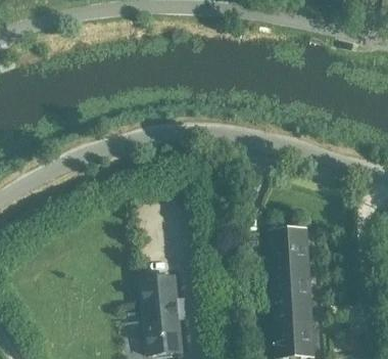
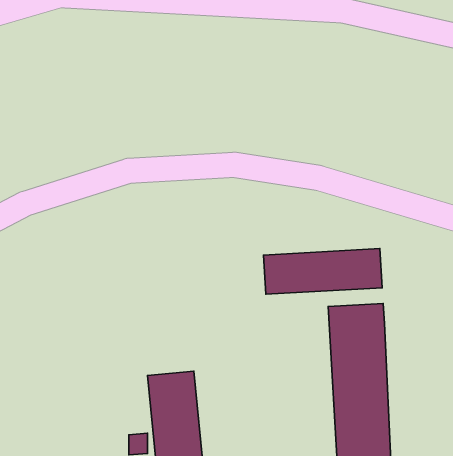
building: none -> [264,248,382,294]

